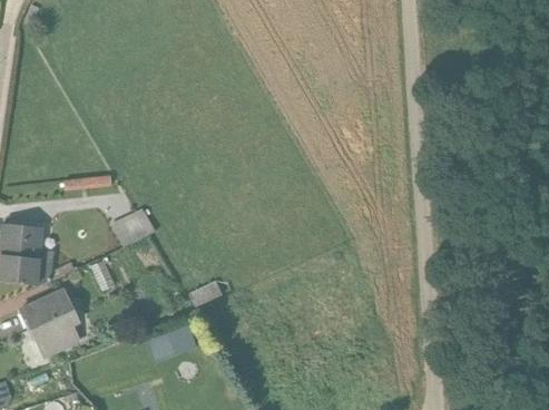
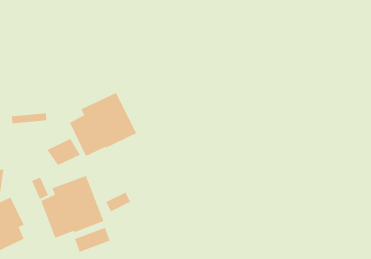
building: none -> [69,92,137,156]
building: none -> [40,175,104,238]

